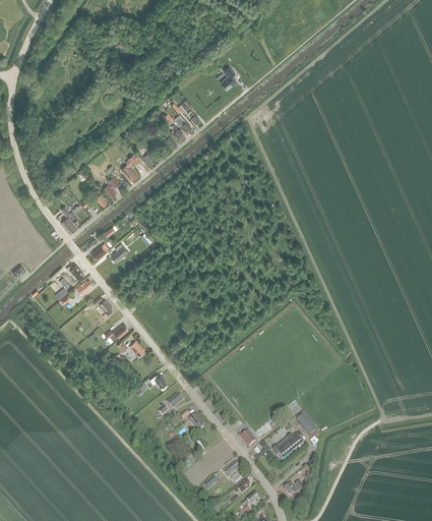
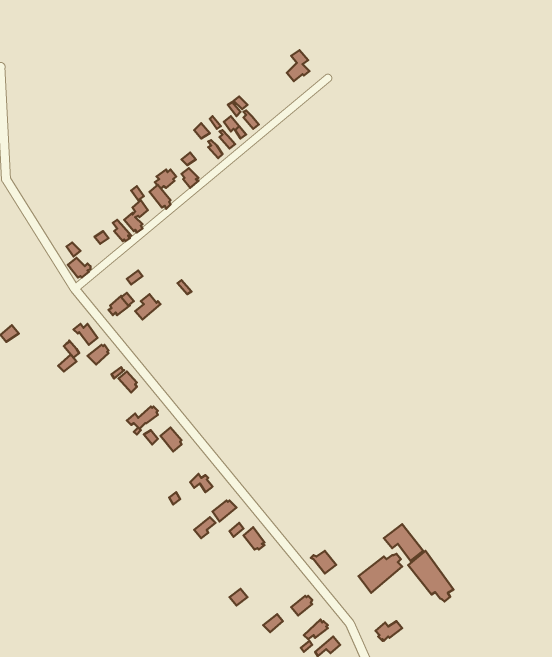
building: none -> [408,551,453,601]

